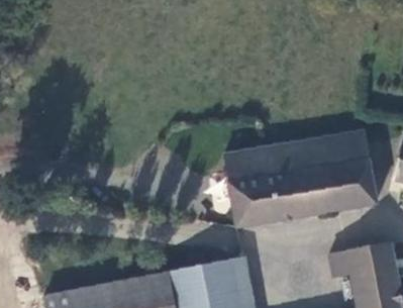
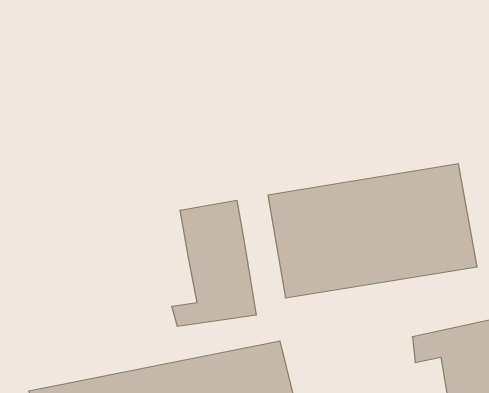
building: none -> [172,200,256,326]

